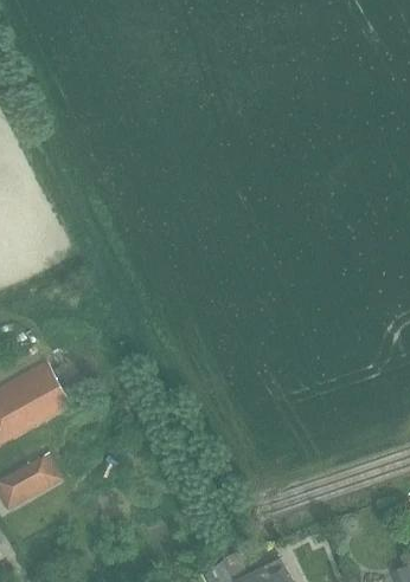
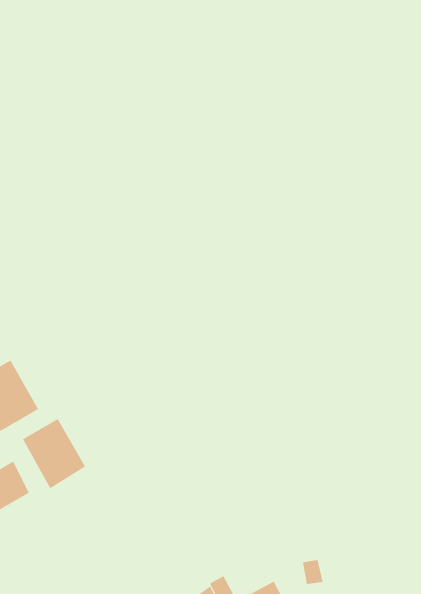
building: none -> [22,418,86,489]

